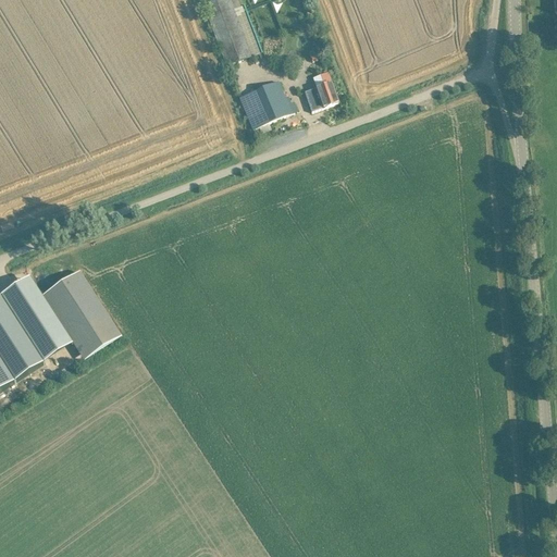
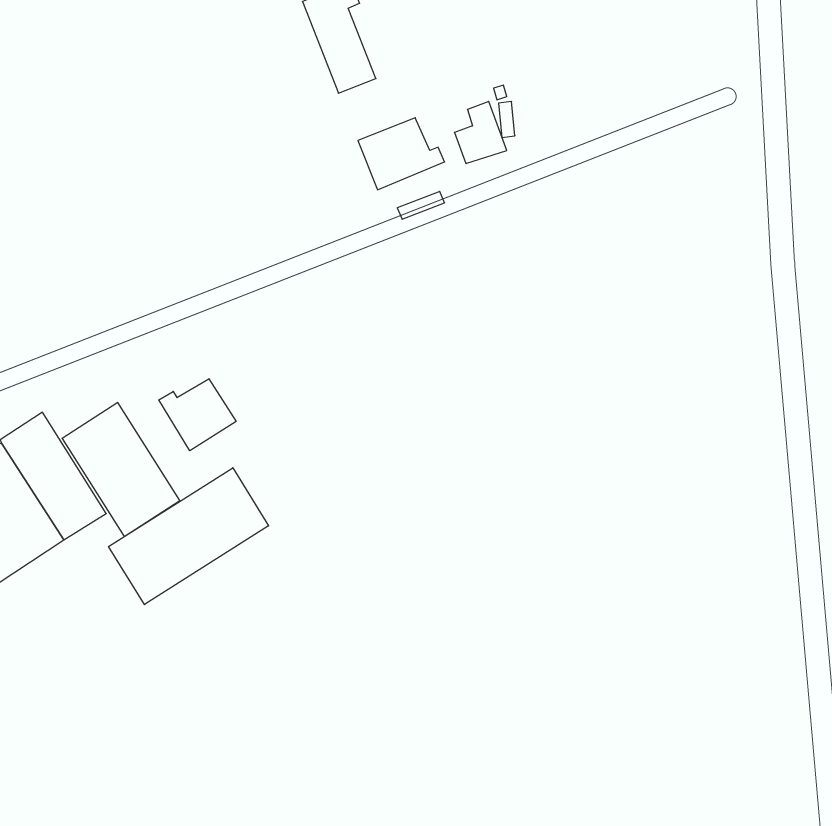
building: none -> [159,379,236,451]
building: none -> [109,468,269,605]

